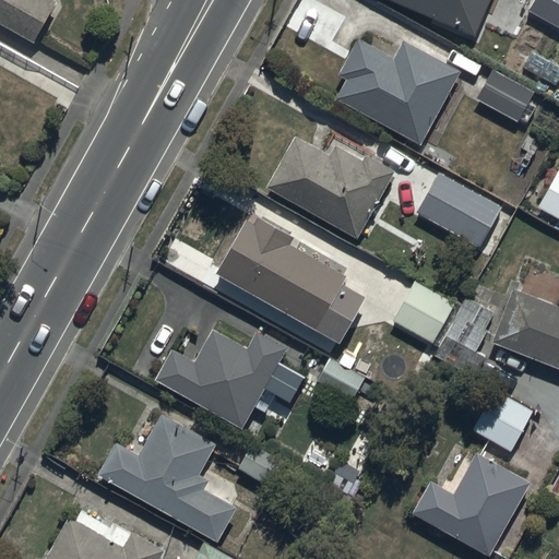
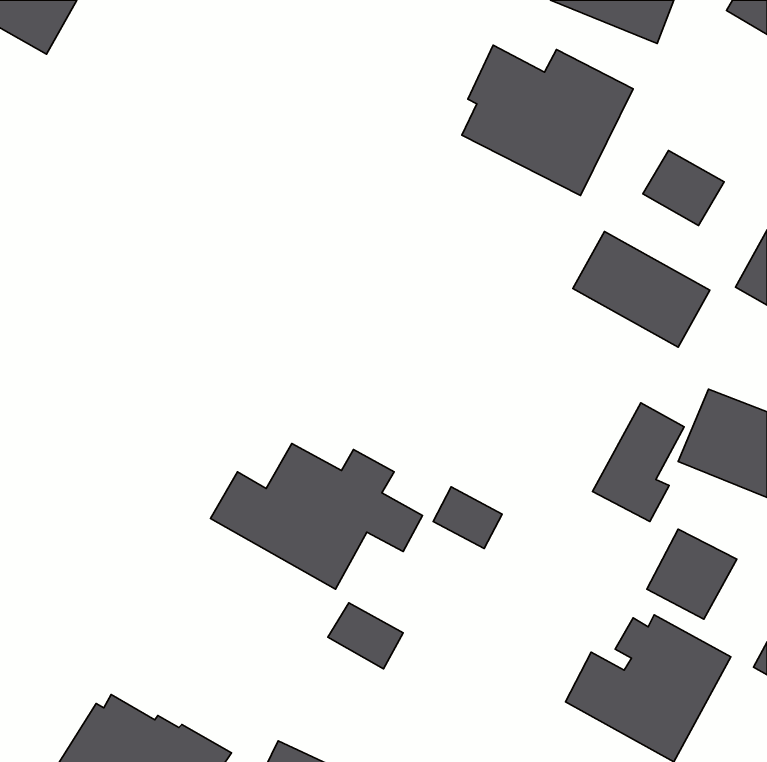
building: [476,69,535,123] -> [643,150,724,226]
building: [265,134,395,239] -> none
building: [216,216,366,341] -> none
building: [392,281,456,344] -> none
building: [98,412,238,540] -> none

